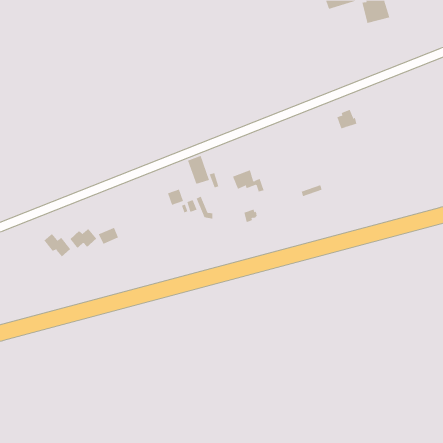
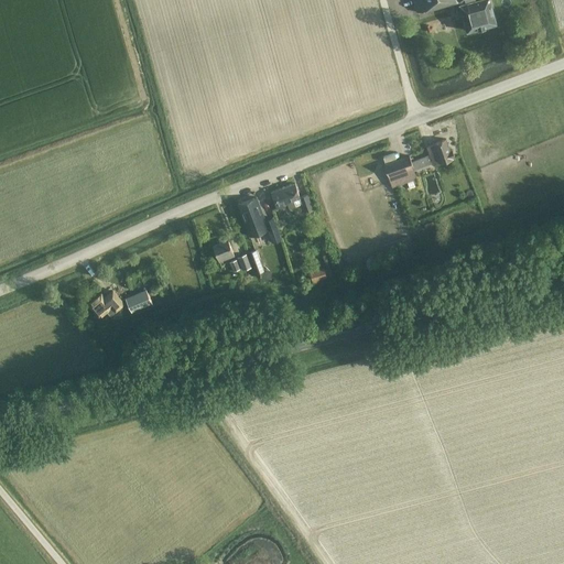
building: none -> [383,155,415,189]
building: [232,170,264,192] -> [271,183,312,212]
building: [43,233,71,257] -> none

